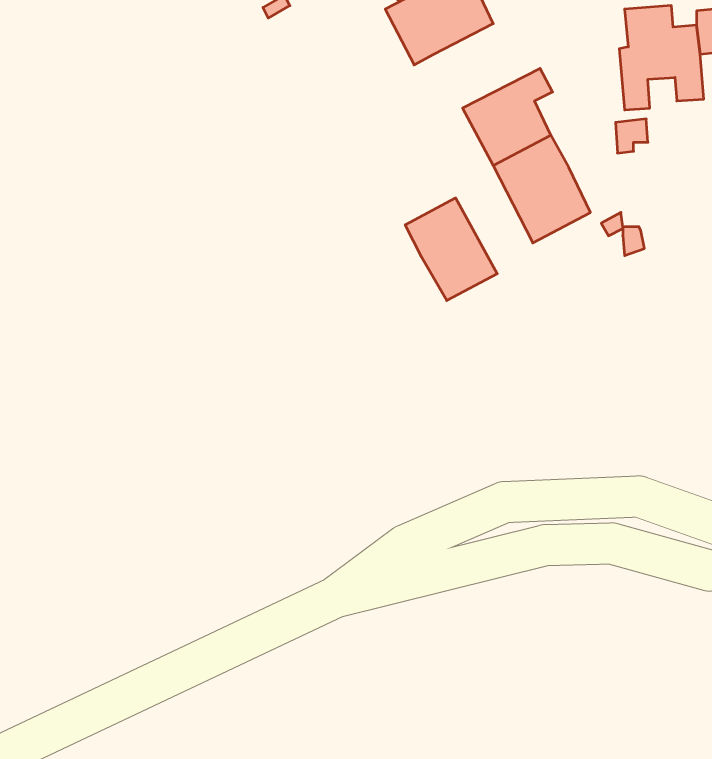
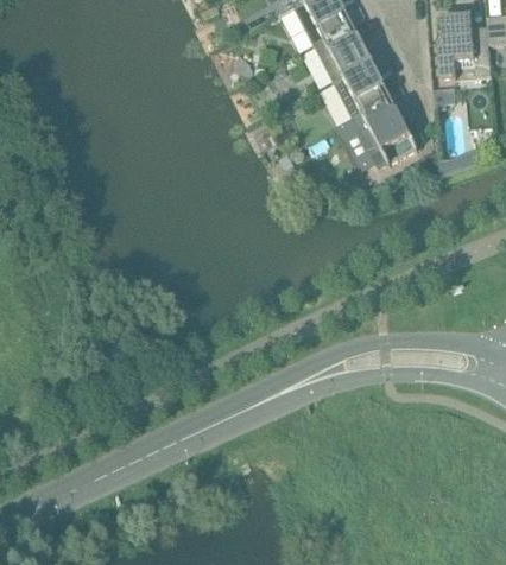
building: none -> [311,24,381,80]
building: [405,198,497,301] -> none

